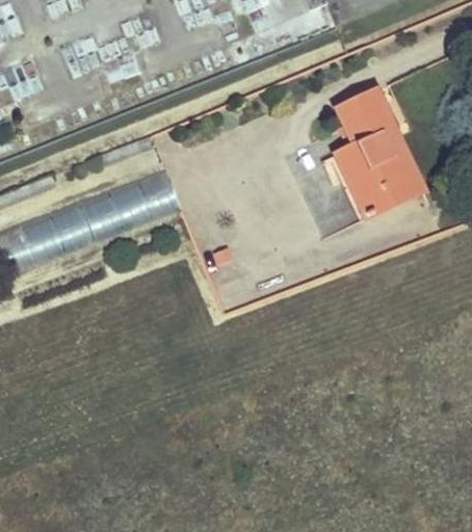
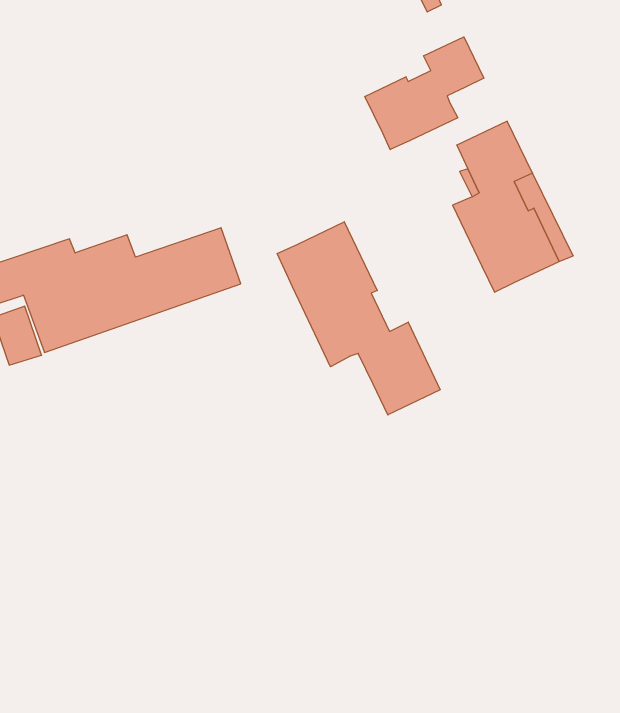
building: none -> [365,37,484,150]
building: none -> [277,222,440,415]

